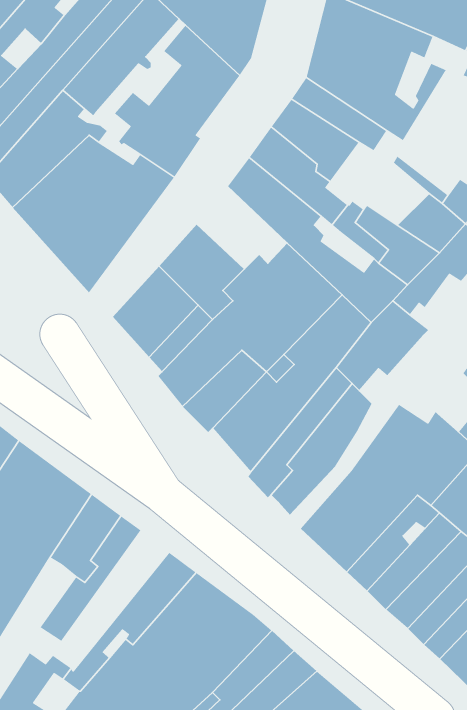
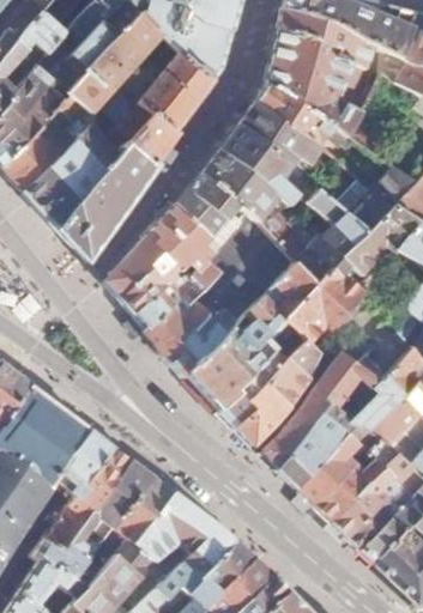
building: none -> [177,174,252,242]
building: none -> [35,457,155,573]

